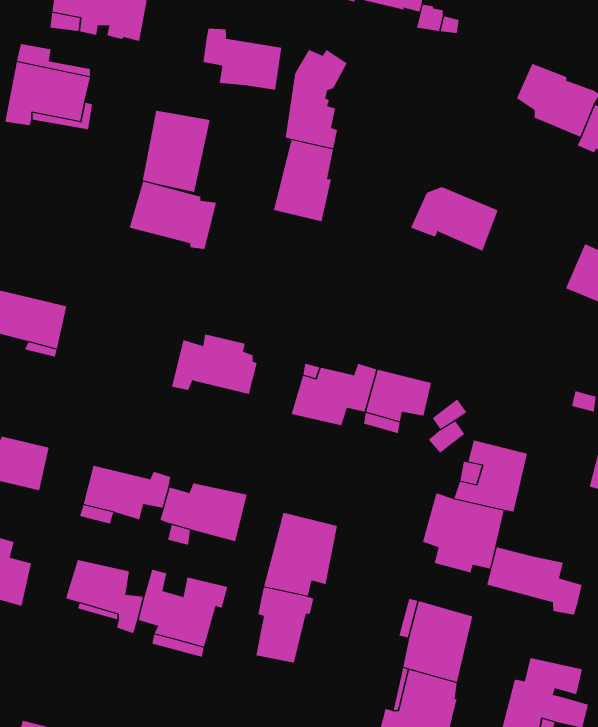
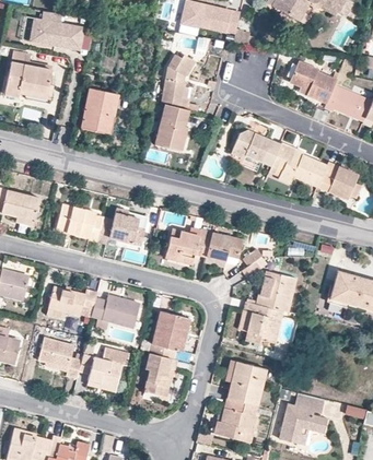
building: [203,28,282,91] -> none
building: [129,181,217,250] -> [55,203,104,241]
building: none -> [269,142,327,187]
building: [487,546,582,616] -> none

